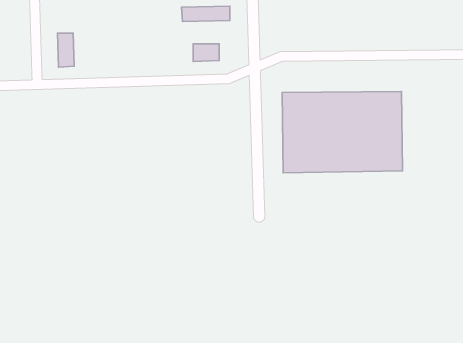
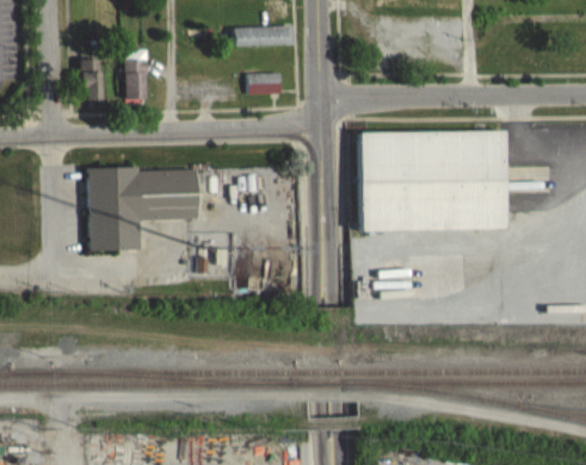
building: none -> [125,49,148,99]
building: none -> [88,167,197,252]

